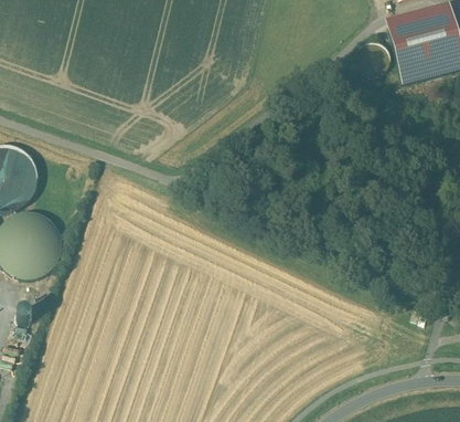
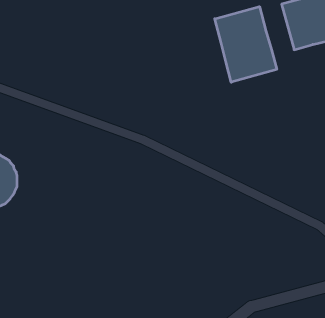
building: none -> [215,7,277,82]

